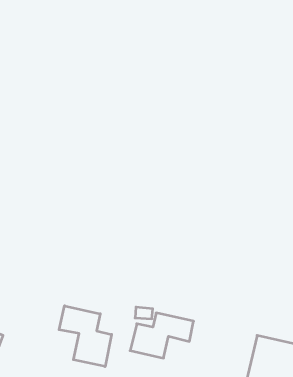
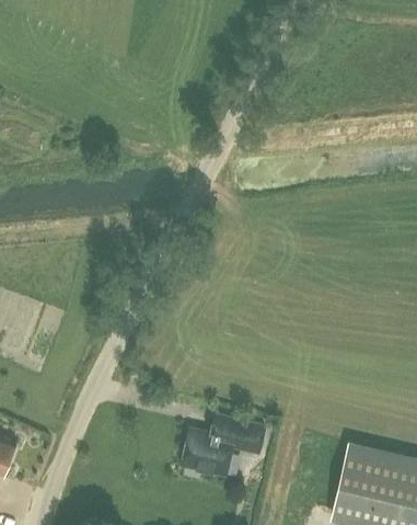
building: [59,306,112,367] -> none

